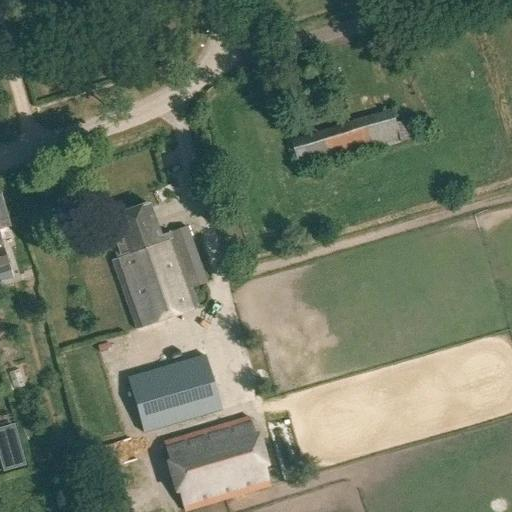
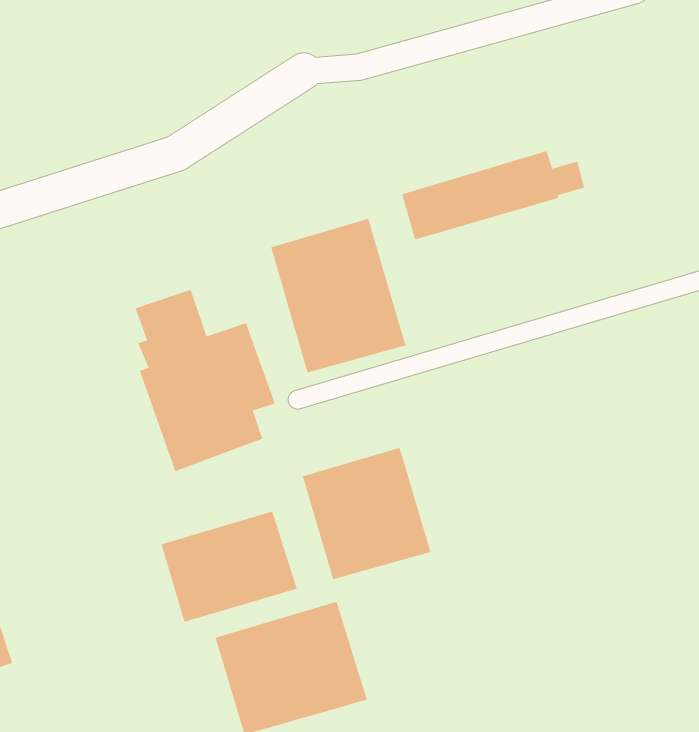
building: none -> [270,218,407,373]
building: none -> [302,447,431,580]

